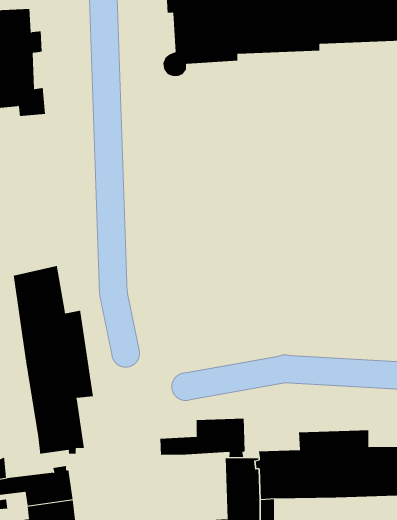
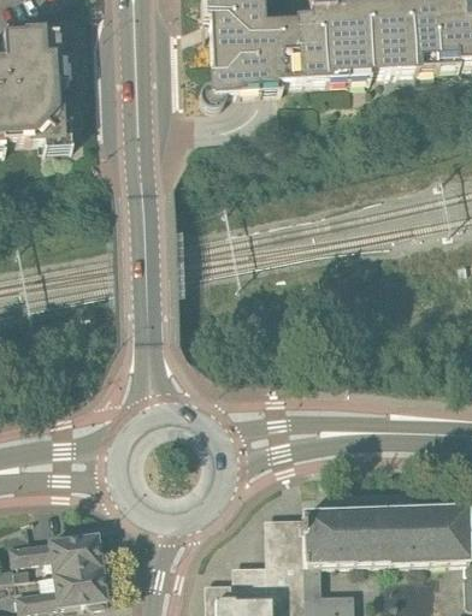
building: [13,265,93,455] -> none
building: [160,418,245,458] -> none

